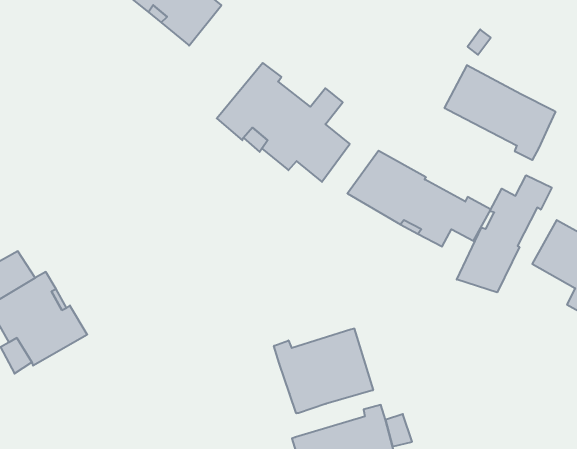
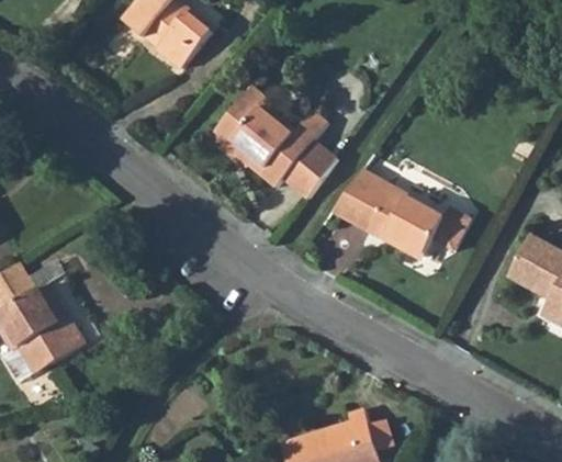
building: [445,65,555,160] -> none
building: [457,175,552,292] -> none
building: [274,328,373,413] -> none

